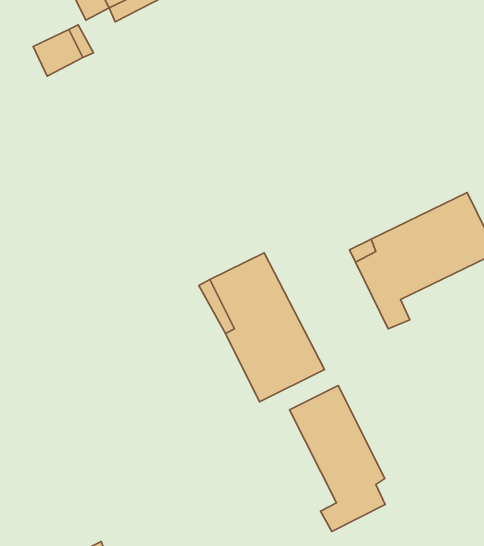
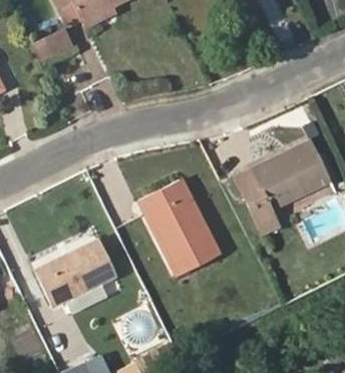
building: none -> [34,240,117,307]
building: [290,385,385,531] -> none

